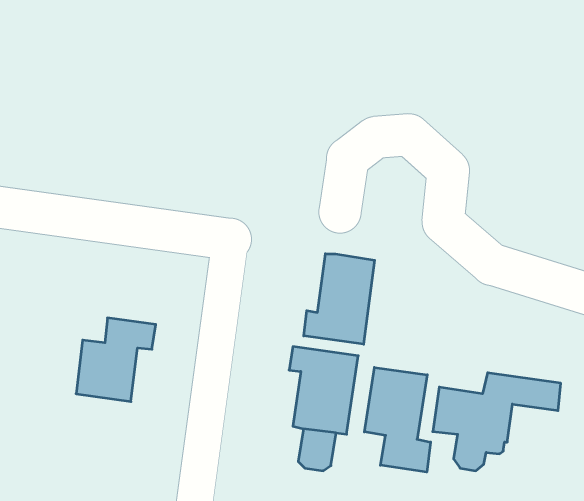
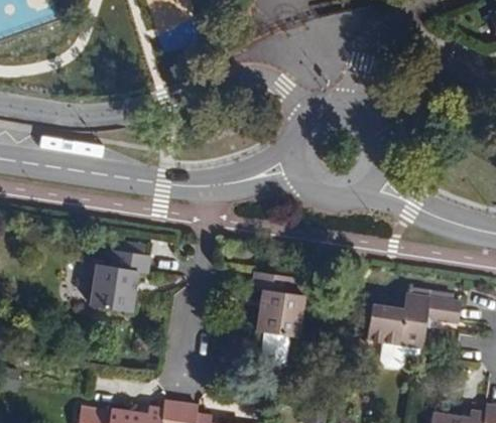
building: [304,254,375,344] -> none
building: [364,367,431,472] -> none

